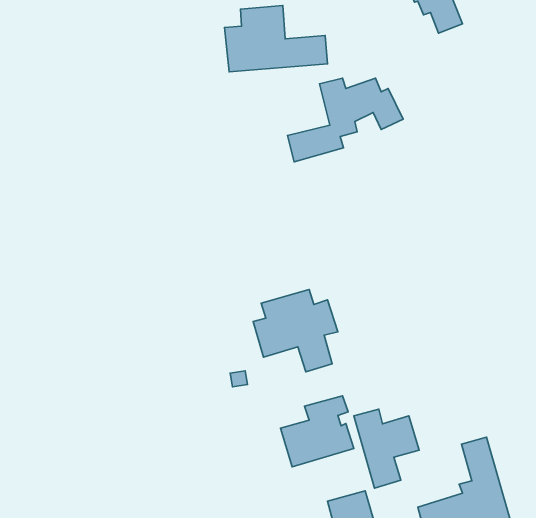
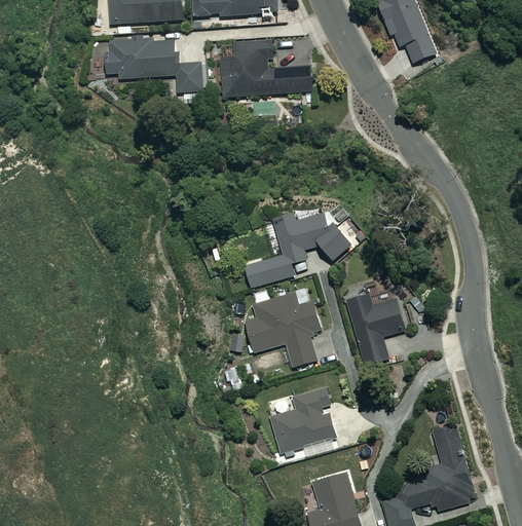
building: none -> [104,40,202,92]
building: [287,78,403,162] -> [244,213,347,288]
building: [354,409,419,488] -> [345,294,404,365]

